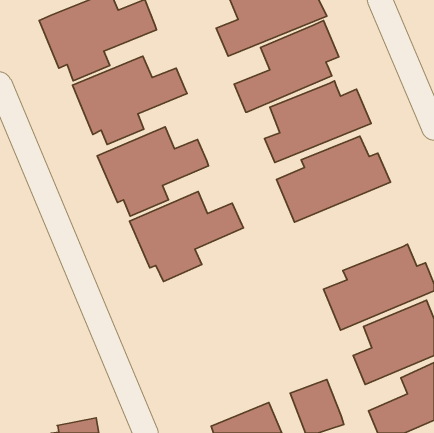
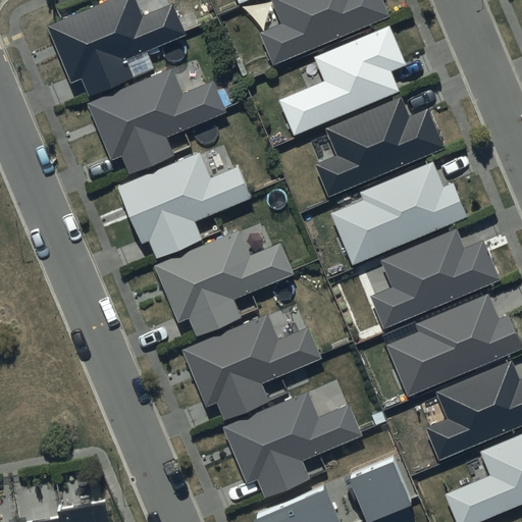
building: none -> [369,230,497,328]
building: none -> [181,313,318,419]
building: none -> [224,393,362,499]

